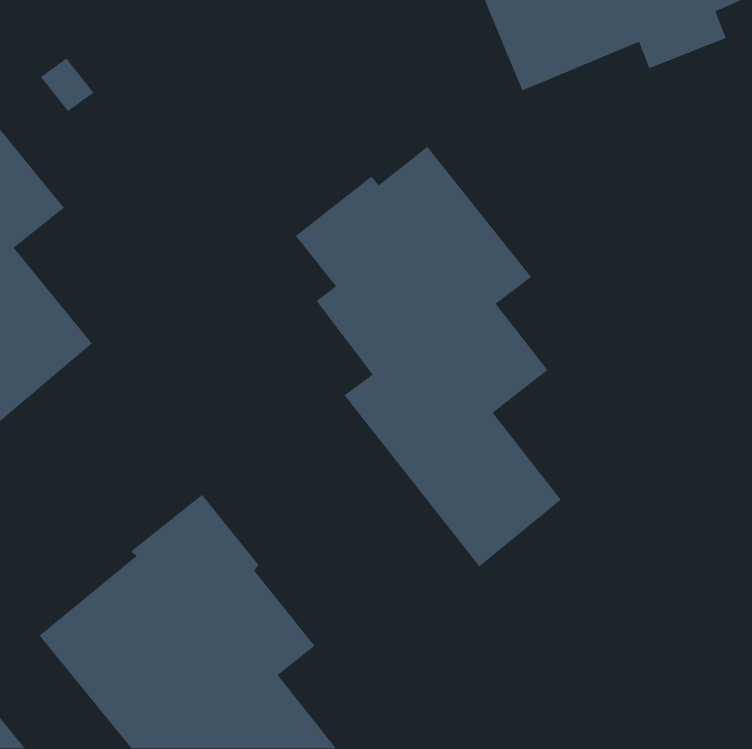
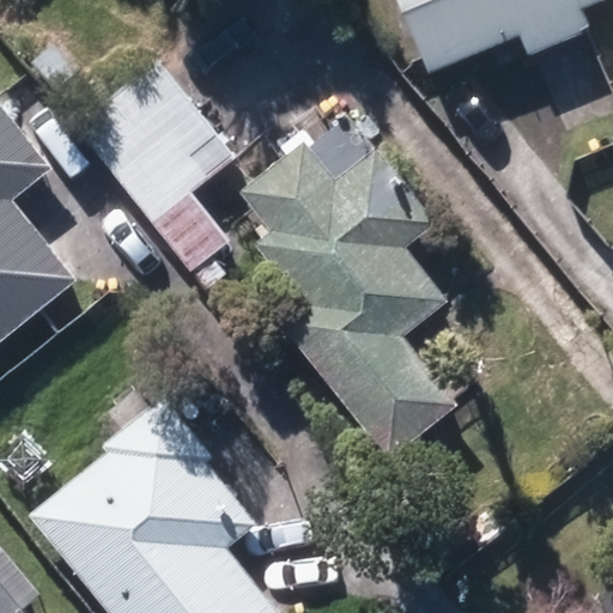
building: none -> [77,62,236,271]

